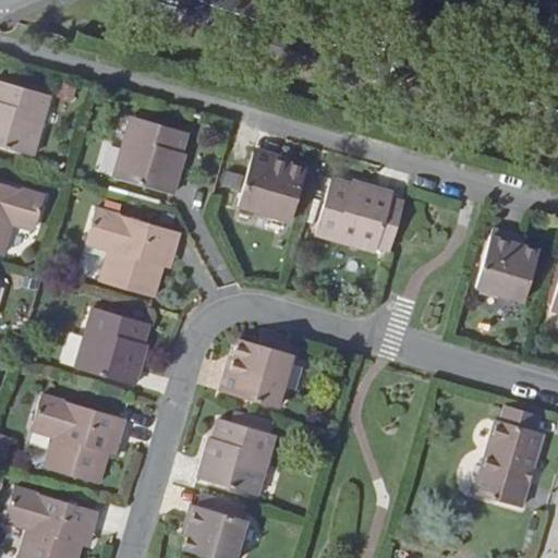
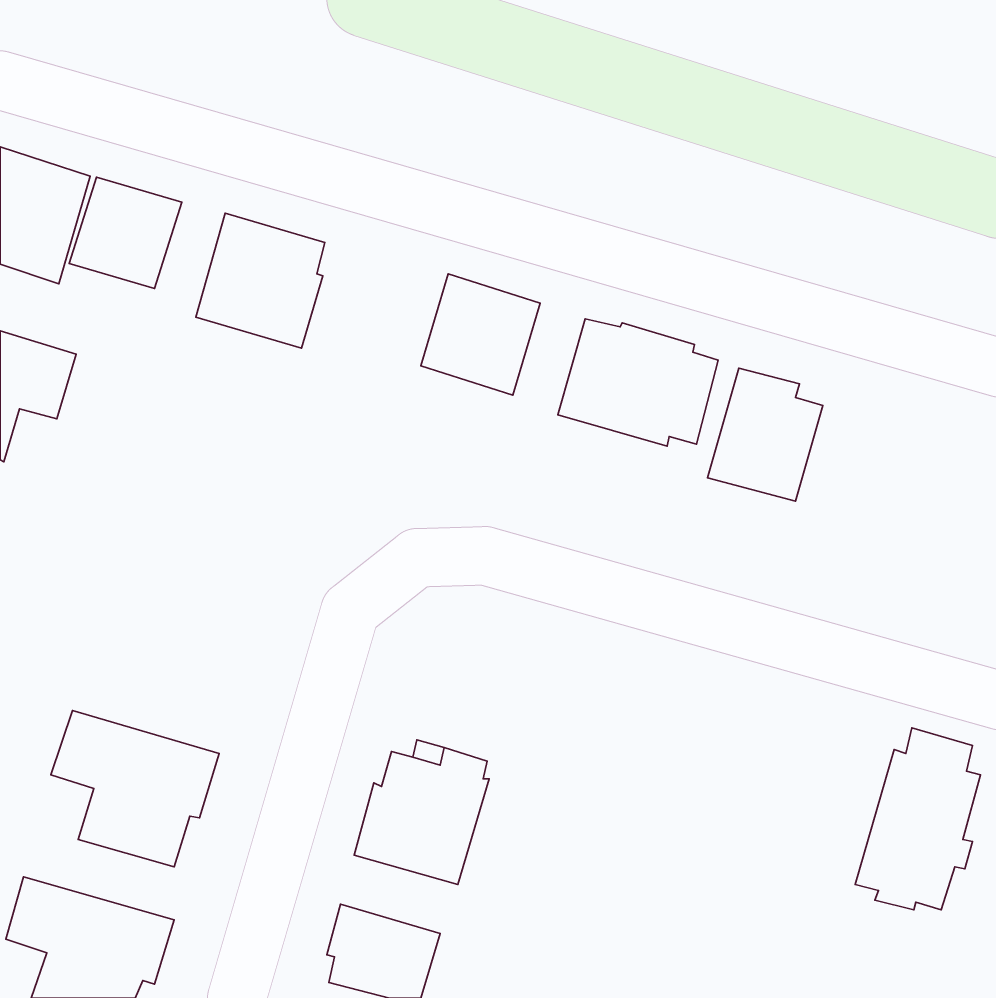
building: none -> [69,177,182,289]
building: [84,210,175,296] -> none
building: [477,228,542,302] -> [707,368,823,501]
building: [75,311,147,385] -> none
building: [225,333,292,404] -> none

